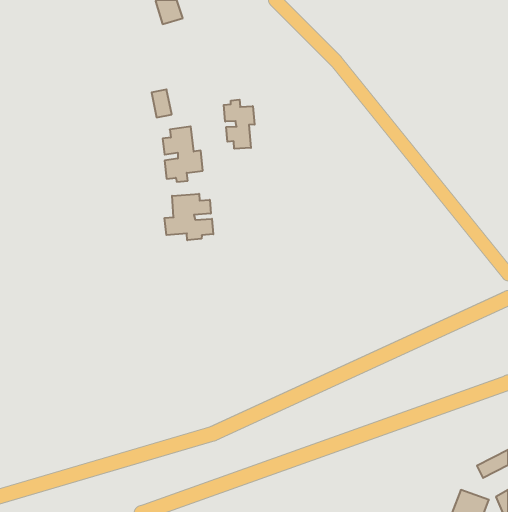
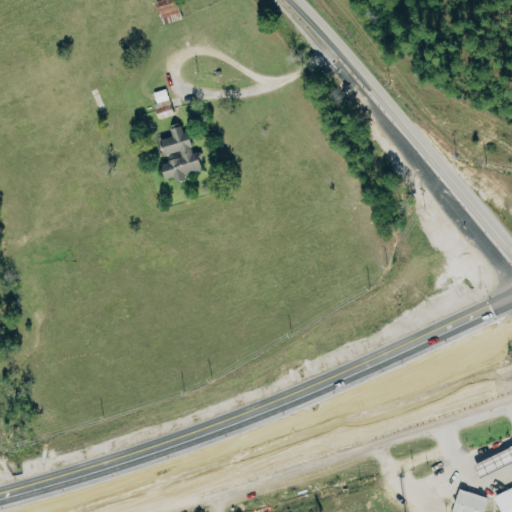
building: [224,100,255,149] -> none
building: [165,194,213,240] -> none

